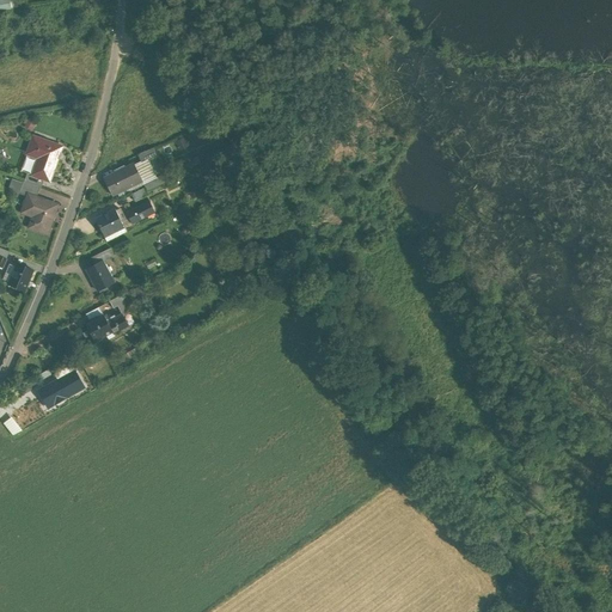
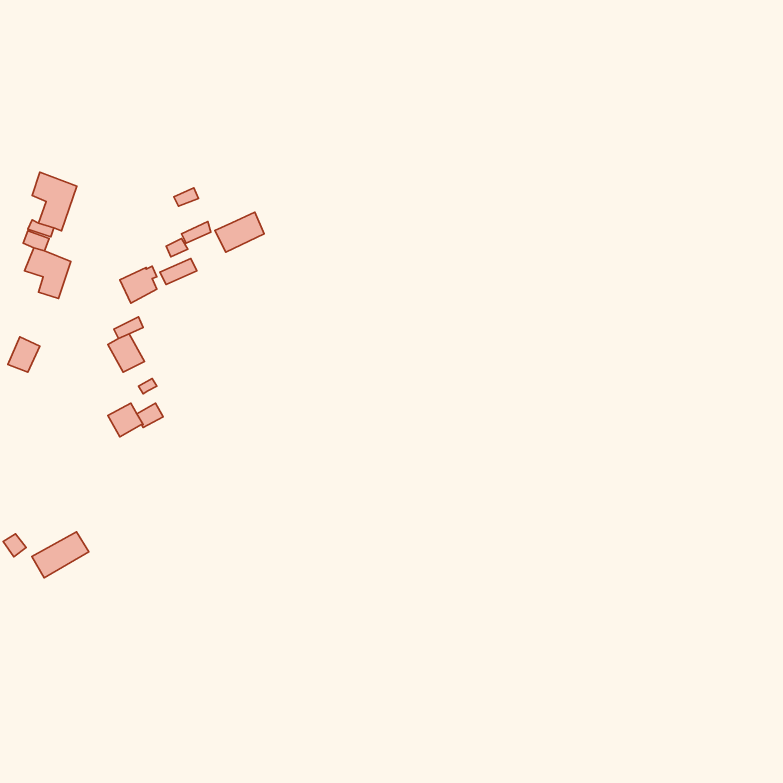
building: [102,163,140,194] -> [215,212,264,252]
building: [37,369,81,405] -> [32,532,89,578]

